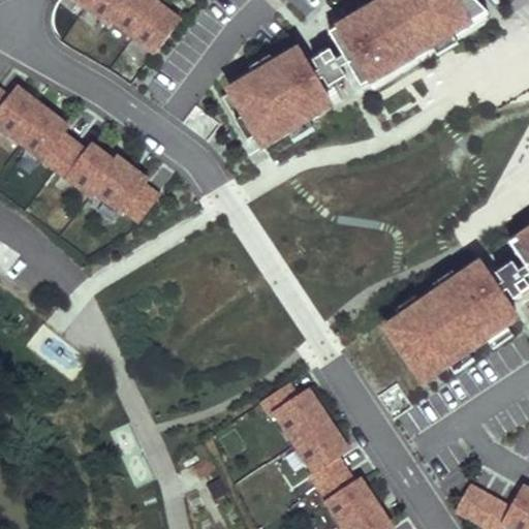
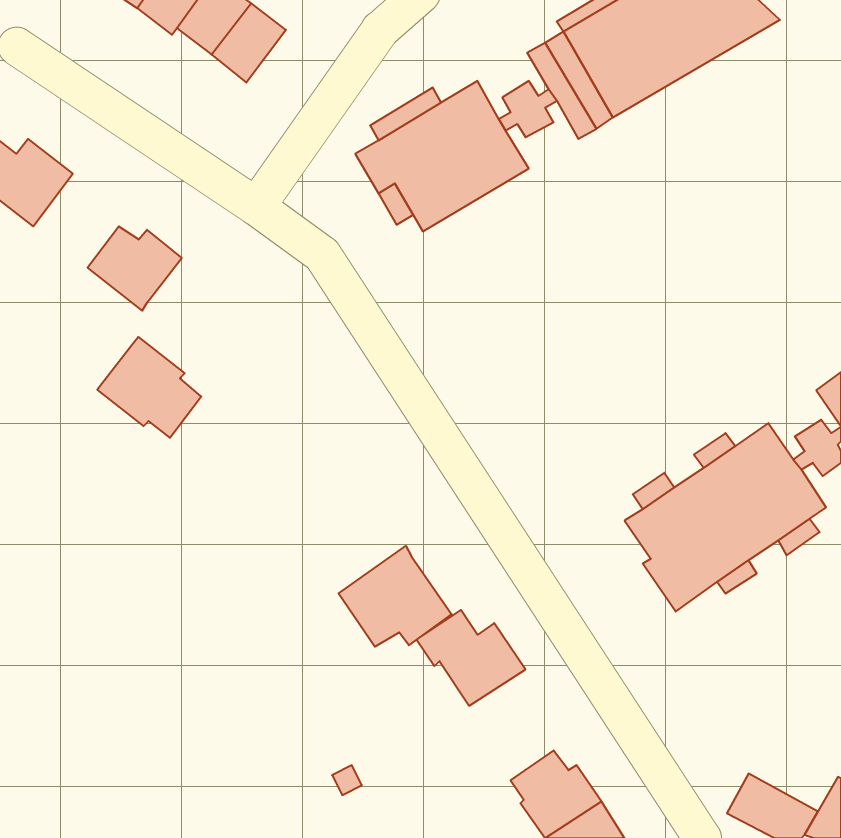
building: [21,108,74,167] -> none
building: [92,156,157,219] -> [97,337,201,438]
building: none -> [339,546,452,647]
building: [293,418,348,488] -> none

